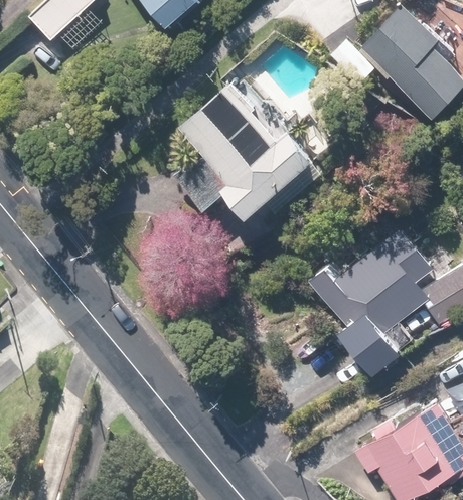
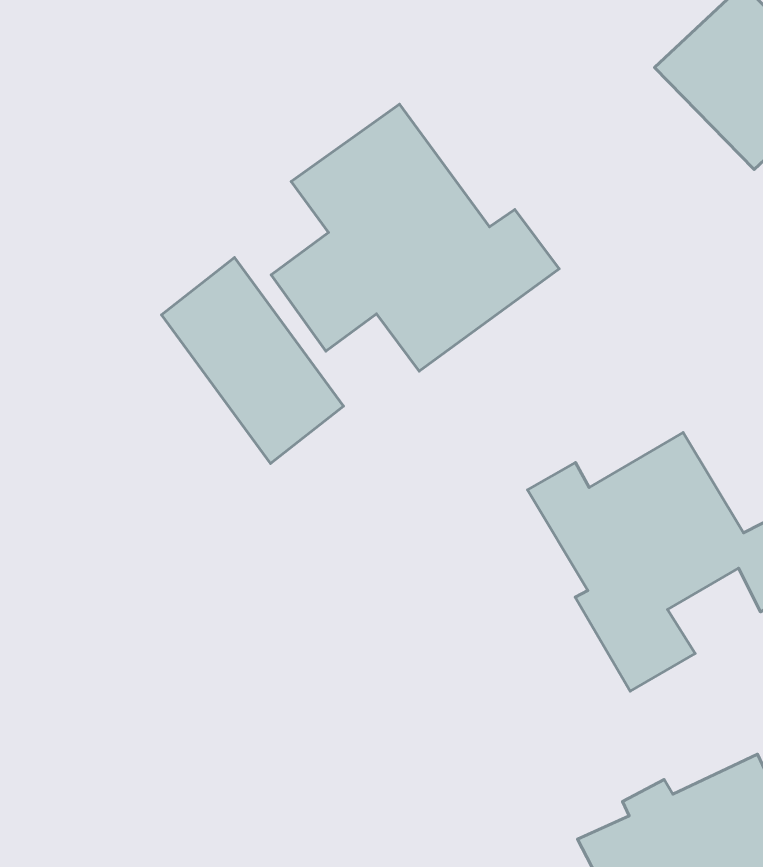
building: none -> [161,257,343,464]

